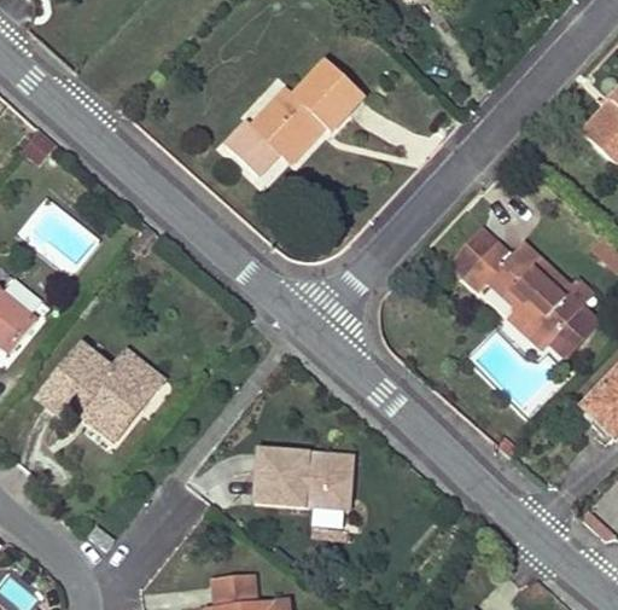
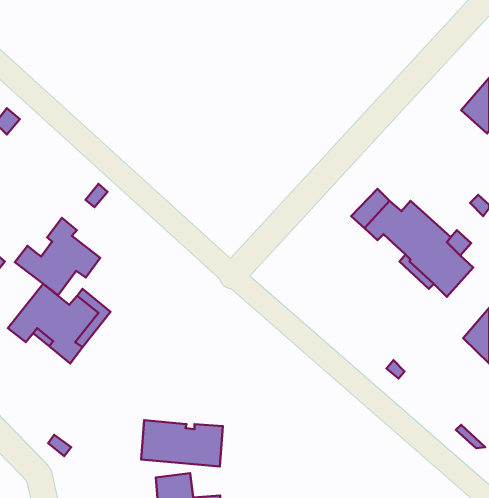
building: [225,63,362,176] -> none
building: none -> [15,218,100,295]
building: [255,452,352,507] -> [141,420,223,467]

